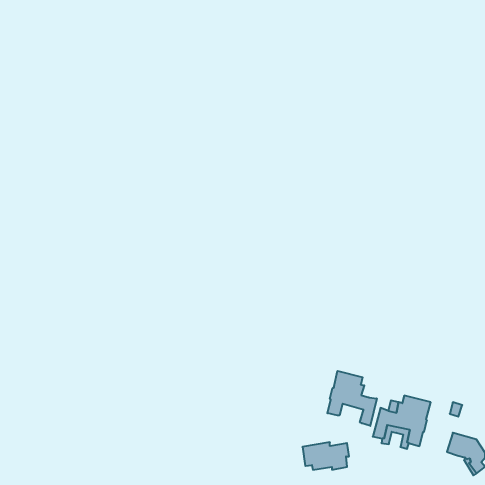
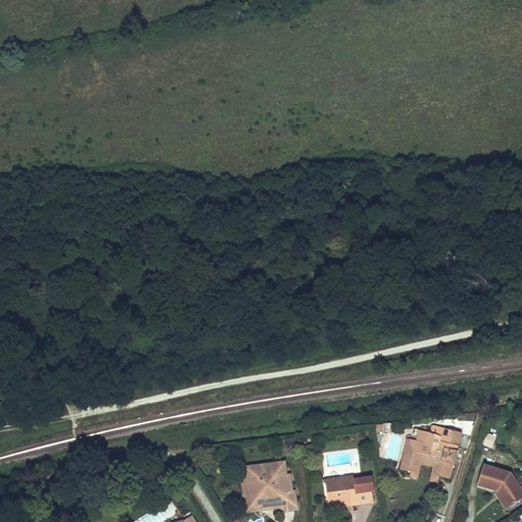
building: [327,371,377,426] -> none
building: none -> [243,462,296,510]

